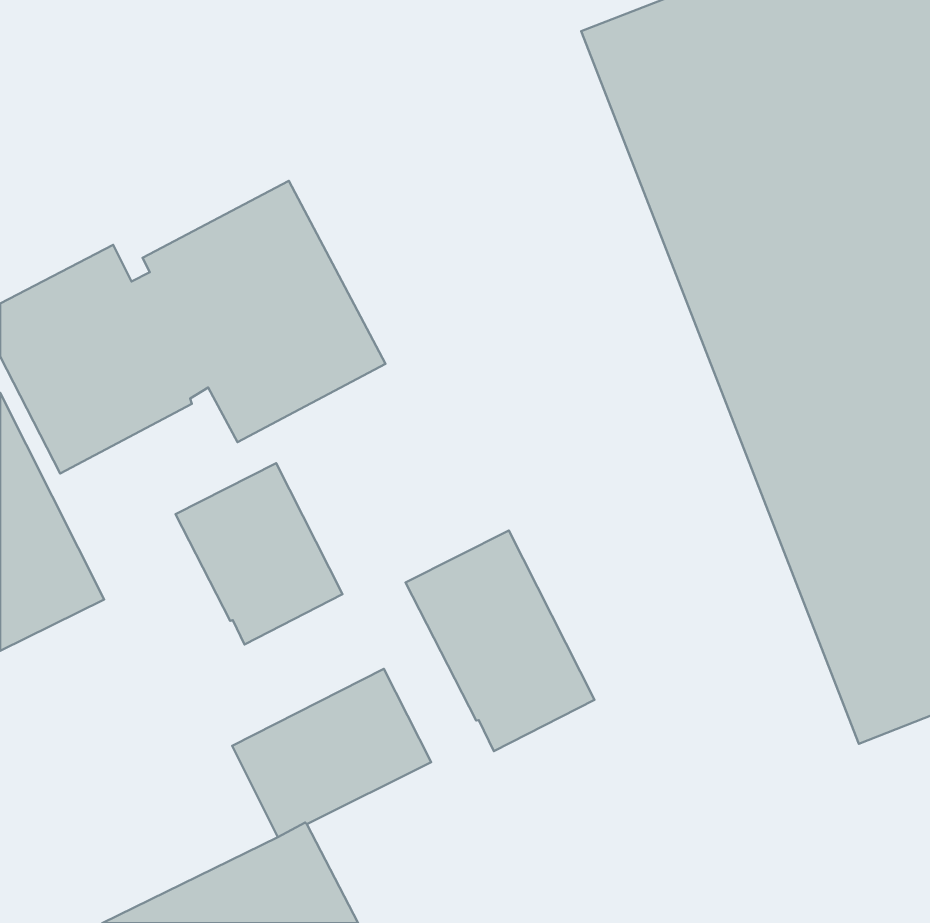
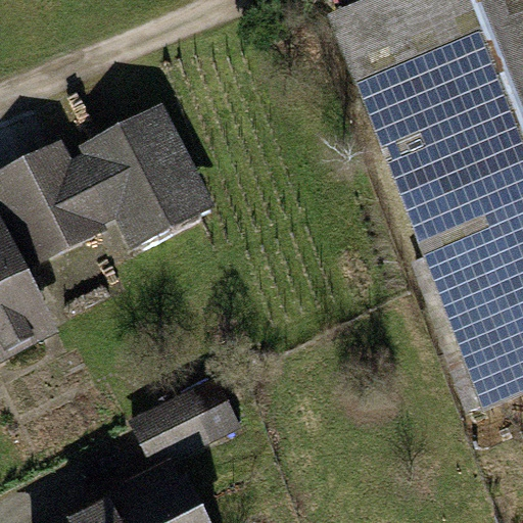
building: [175,463,343,644] -> none
building: [406,531,595,751] -> none

